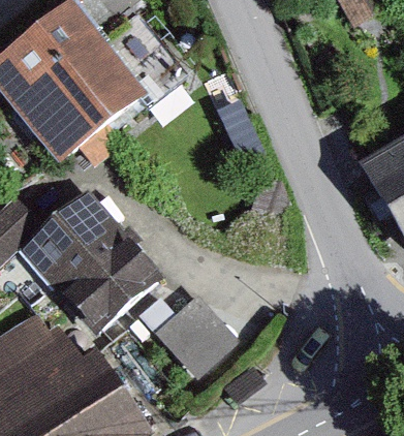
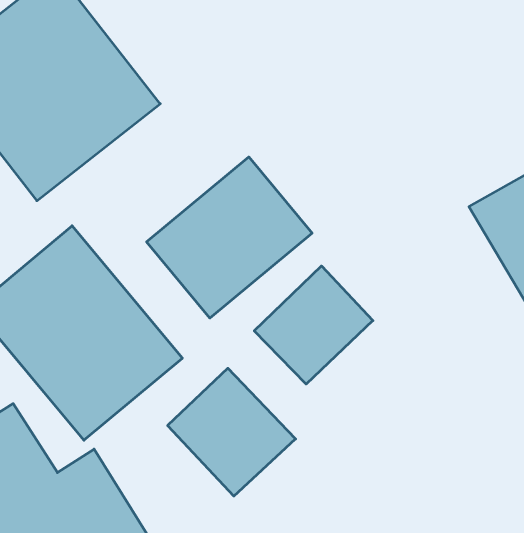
building: none -> [147,157,312,318]
building: none -> [254,266,373,384]

